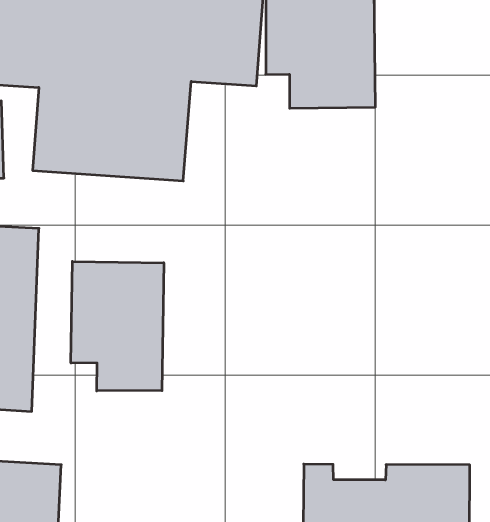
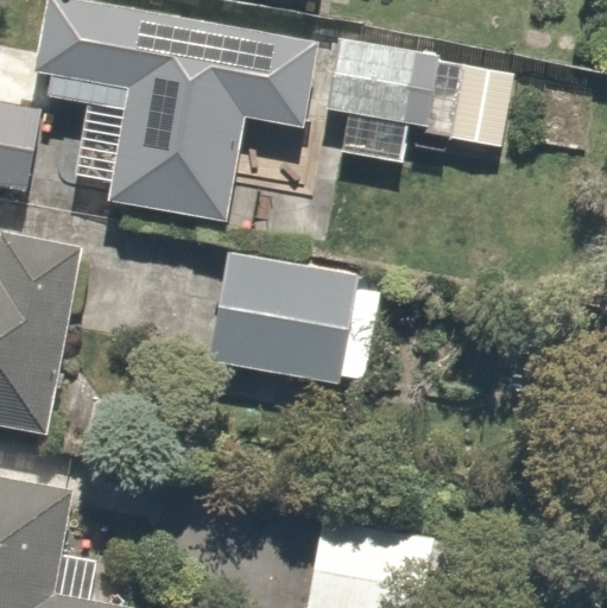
building: none -> [210,251,371,387]
building: [71,261,164,391] -> none

